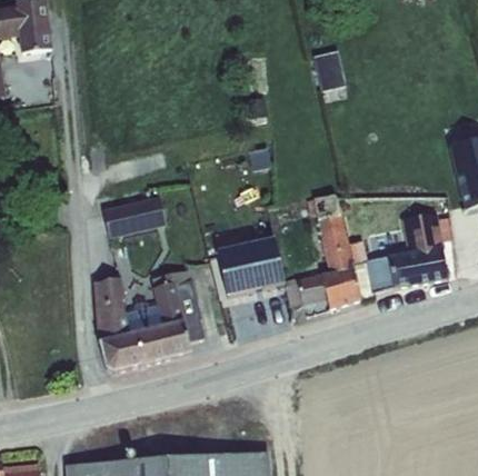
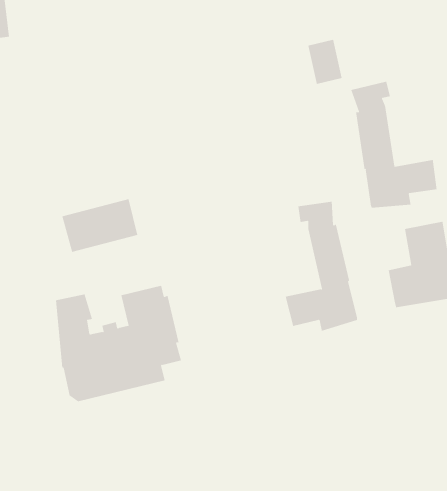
building: none -> [351,81,437,209]
building: [218,236,285,294] -> none
building: [352,256,392,298] -> none

